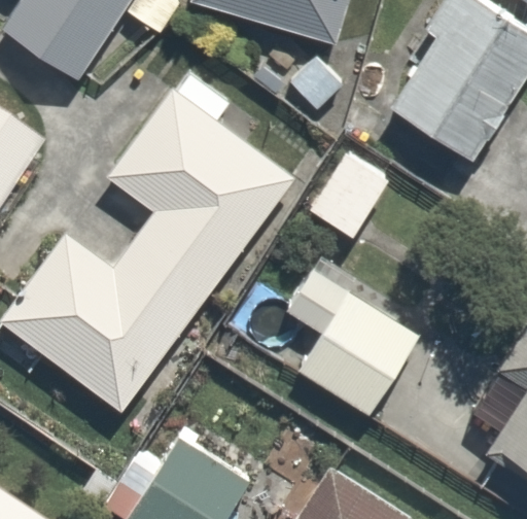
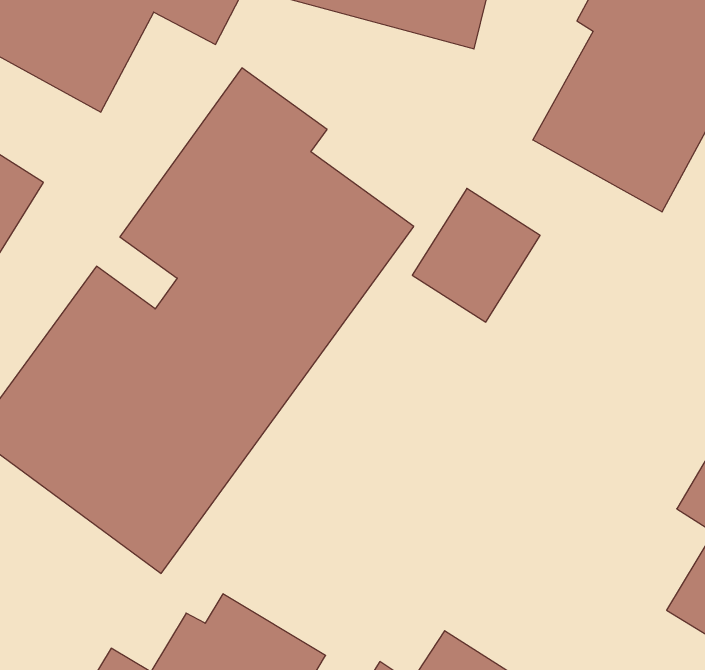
building: [281,263,431,423] -> none

